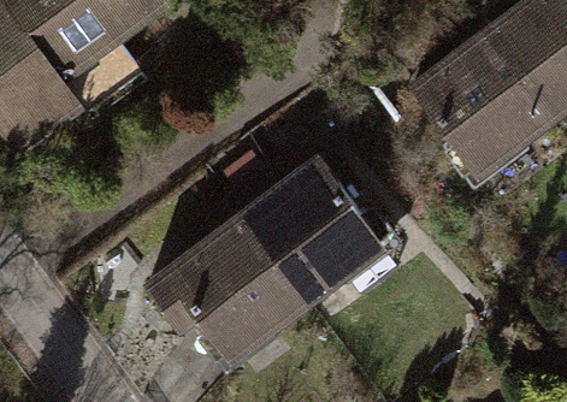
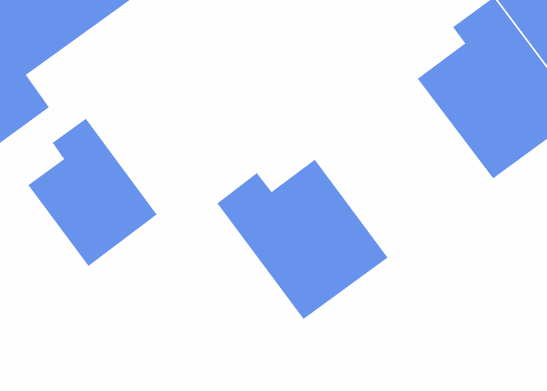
building: none -> [27,118,157,267]
building: [163,202,308,363] -> none

